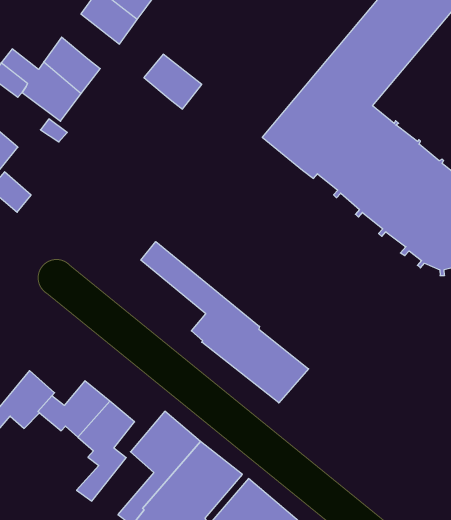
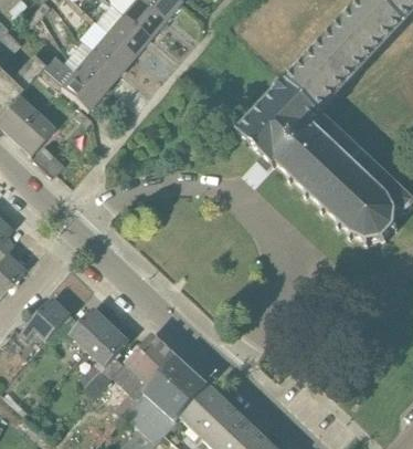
building: [144,54,202,109] -> [92,31,135,73]
building: [141,242,309,403] -> none

